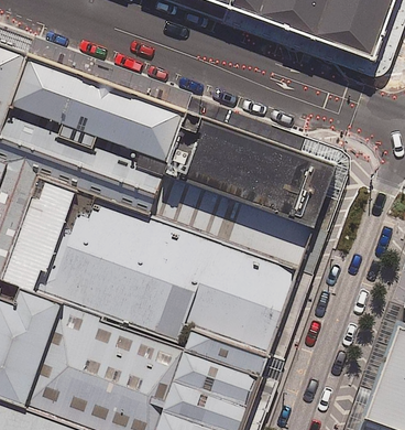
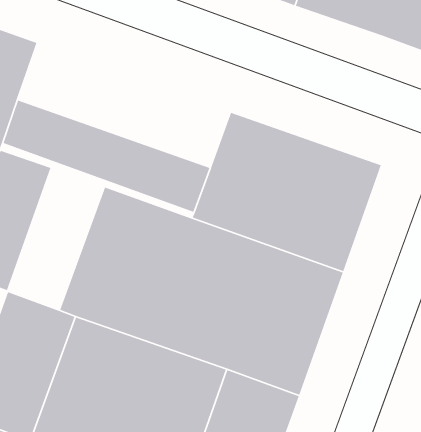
building: [17,55,202,164] -> none
building: [8,164,92,289] -> none

